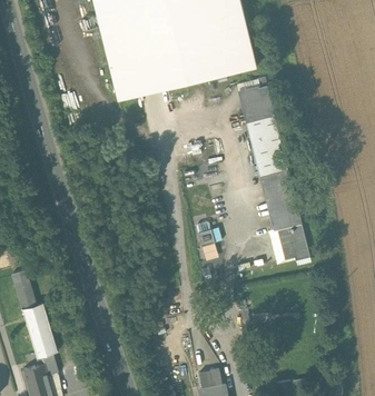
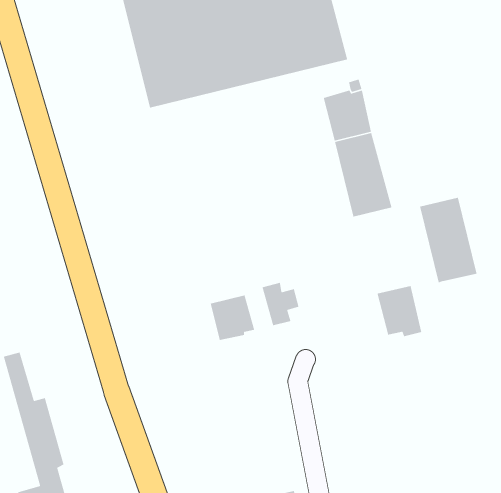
building: [260,170,302,231] -> [419,197,478,284]
building: none -> [210,294,255,341]

